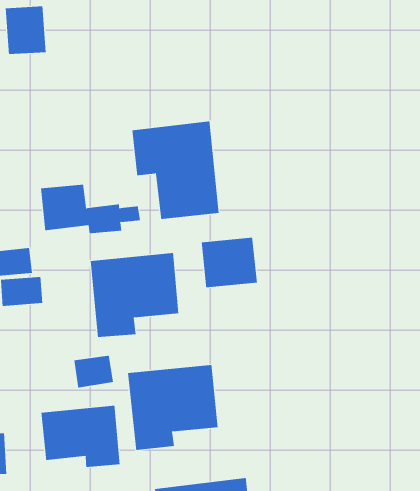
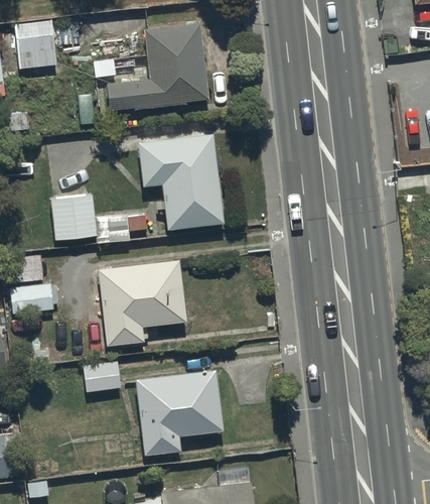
building: none -> [107,25,208,112]
building: [201,237,258,288] -> none
building: [41,405,120,468] -> none

